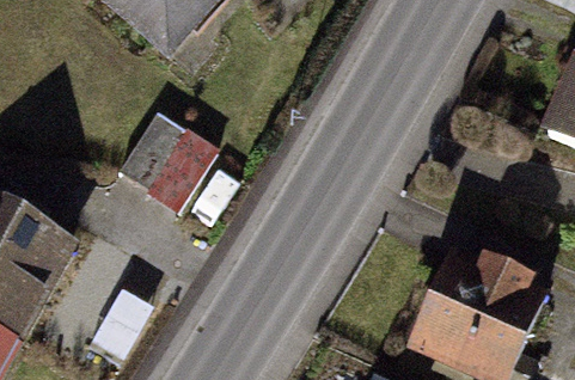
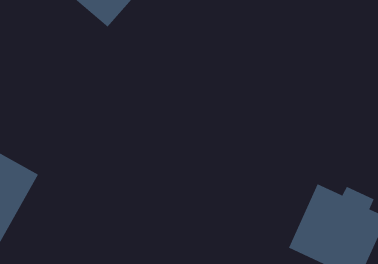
building: [120,111,218,209] -> none

